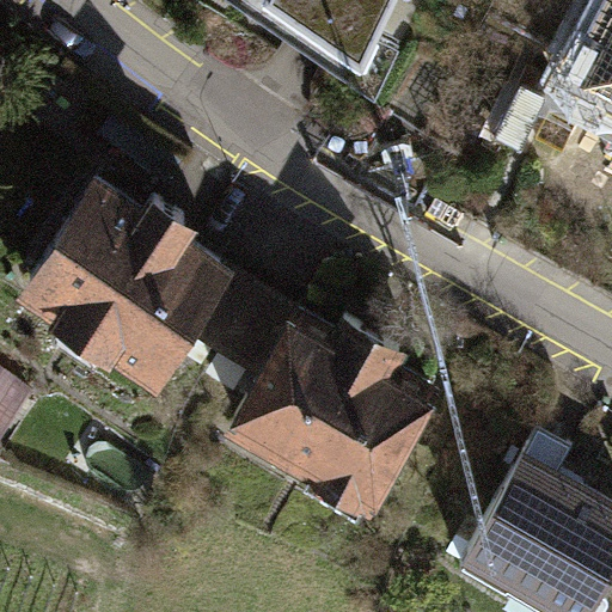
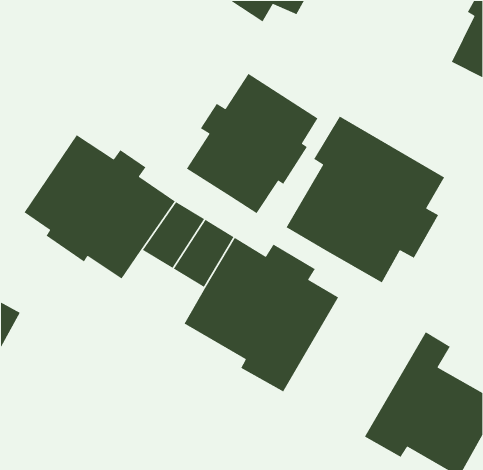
building: none -> [186,73,318,214]
building: none -> [286,116,445,283]

